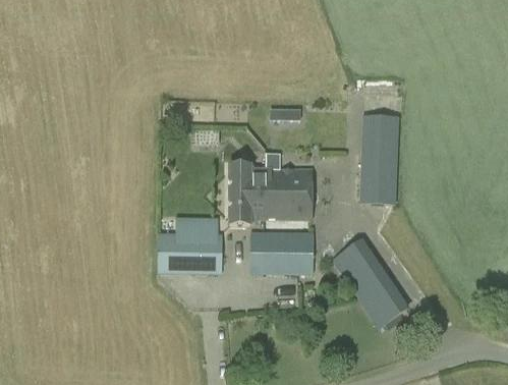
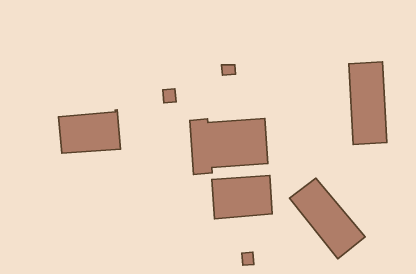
building: [359,114,399,203] -> [349,62,387,144]
building: [158,230,222,273] -> [59,110,120,153]

